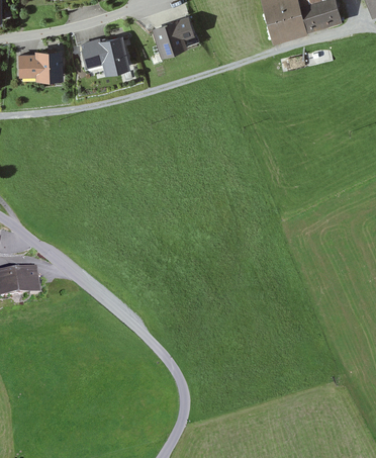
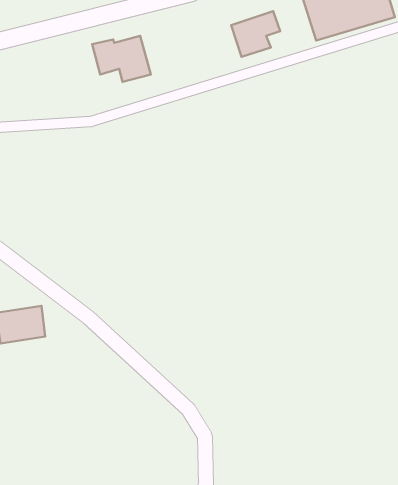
building: [153,19,195,59] -> [231,11,280,57]
building: [20,51,61,79] -> none

